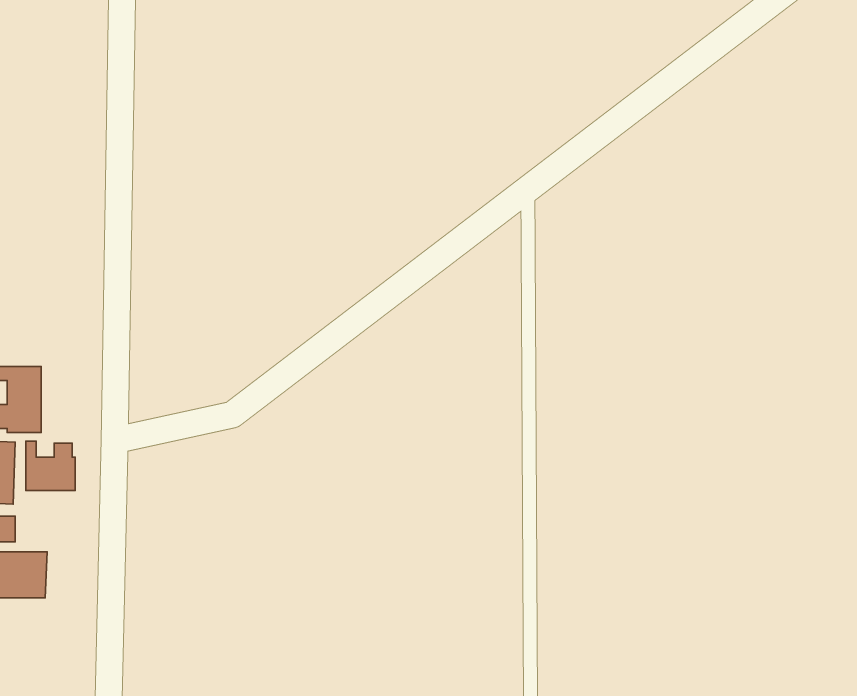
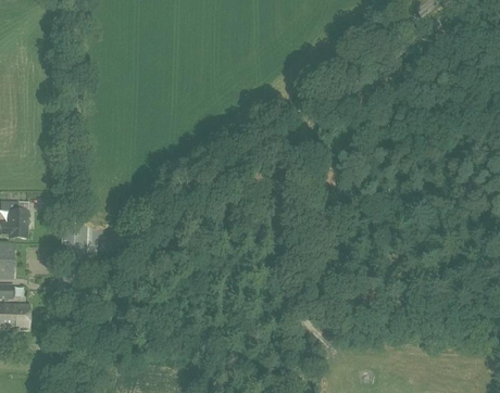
building: [26,441,75,491] -> none

